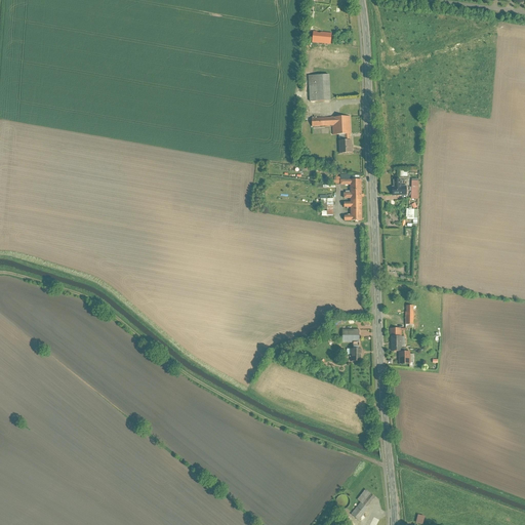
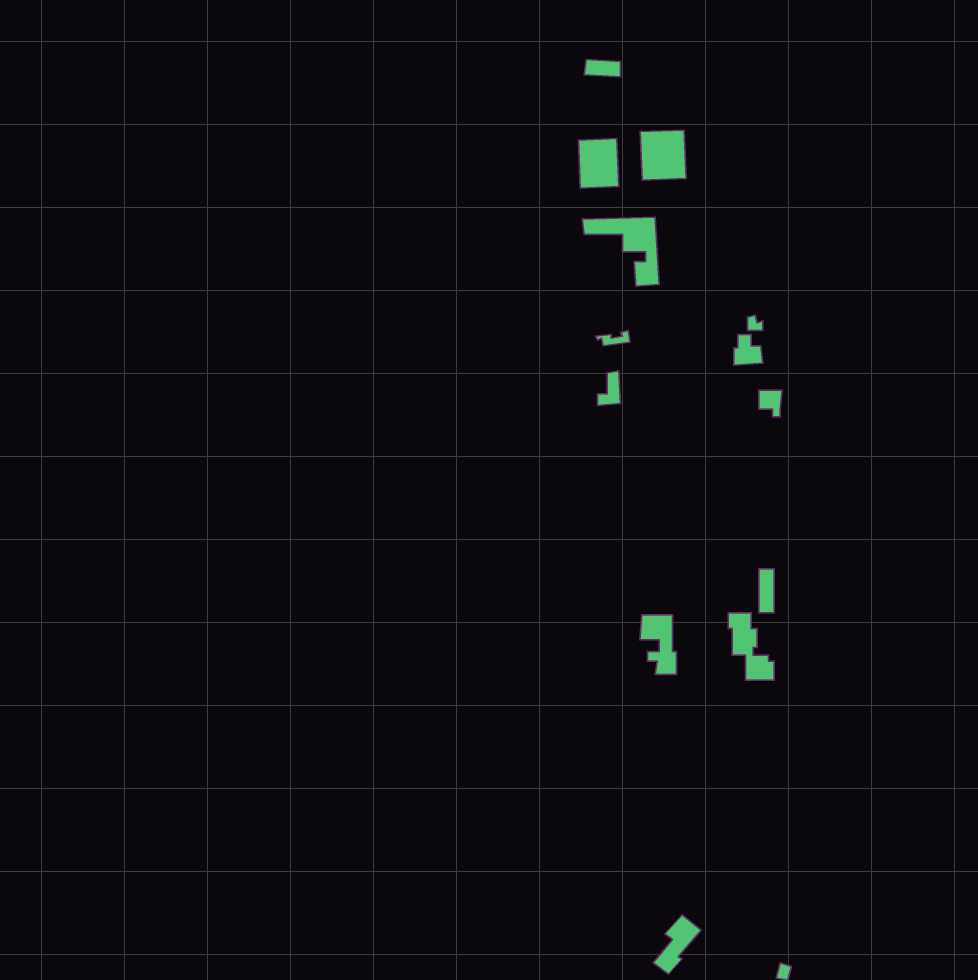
building: none -> [640,130,686,180]
building: [338,178,361,220] -> none

